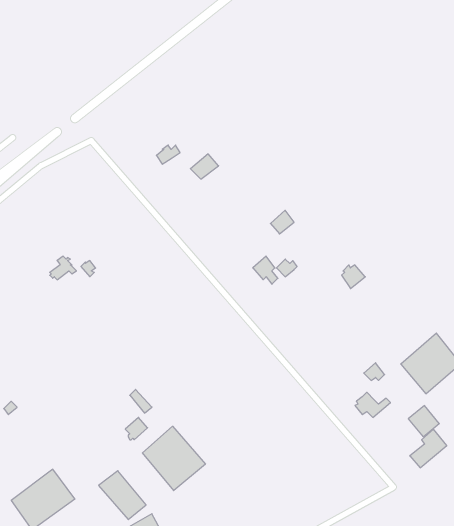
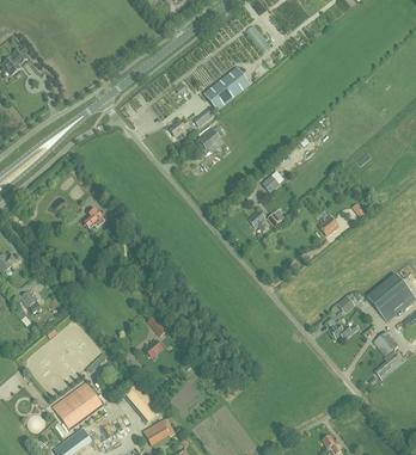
building: none -> [202,67,249,110]
building: [142,426,205,491] -> none

